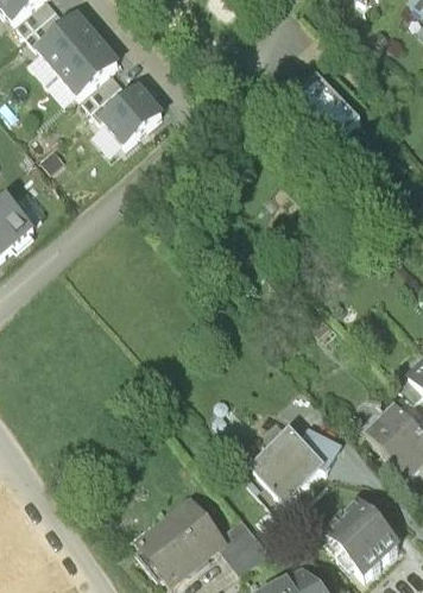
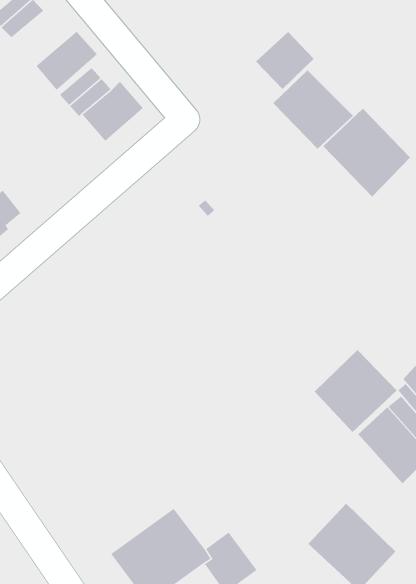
building: [39,17,99,74] -> none
building: none -> [255,31,314,90]
building: none -> [322,108,411,197]
building: [248,423,328,503] -> [314,349,397,433]

